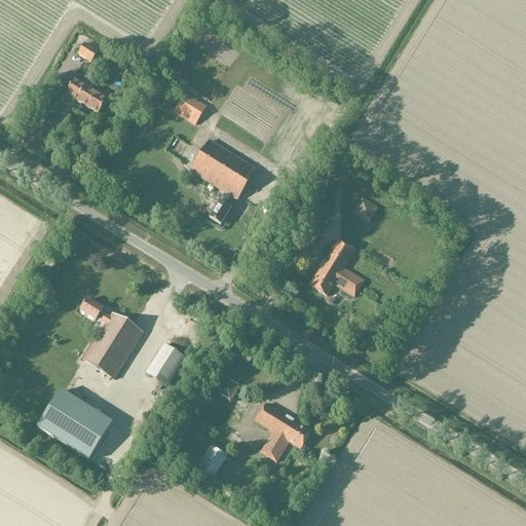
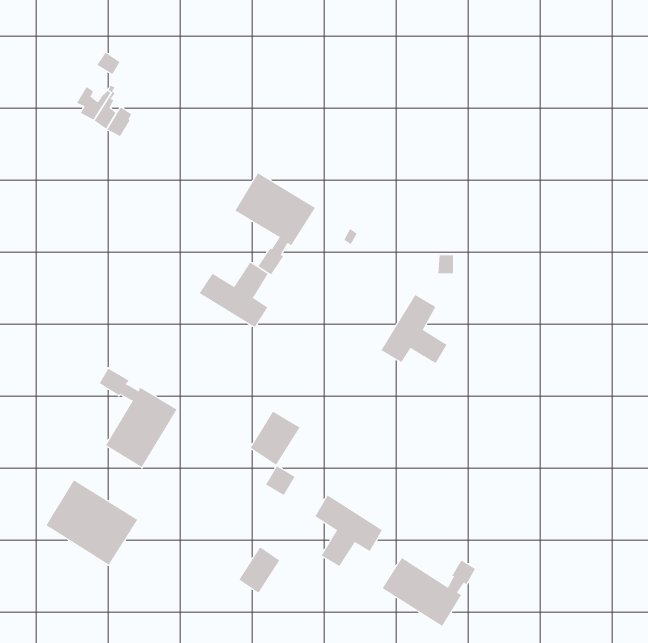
building: [173,91,206,123] -> none
building: none -> [199,262,268,328]
building: [145,341,186,385] -> [250,411,301,465]
building: none -> [382,557,476,627]

